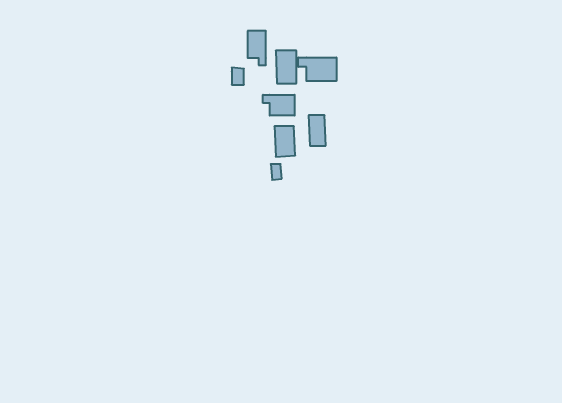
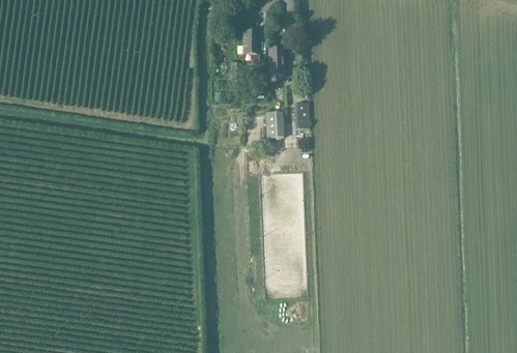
building: [298,57,336,81] -> none
building: [263,95,295,116] -> none

